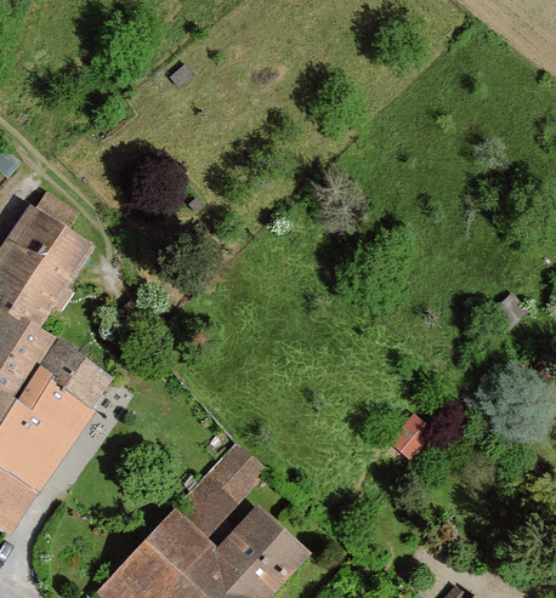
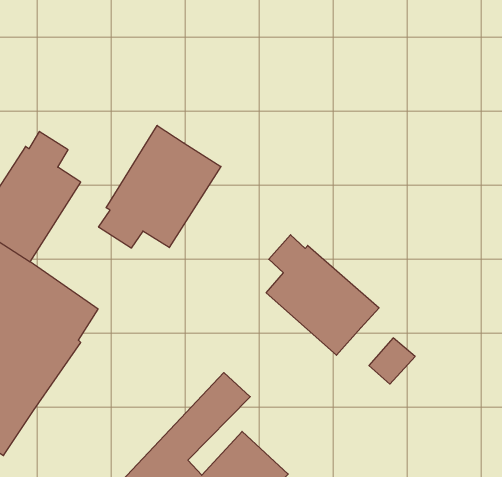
building: none -> [99,125,221,248]
building: none -> [266,235,379,355]

